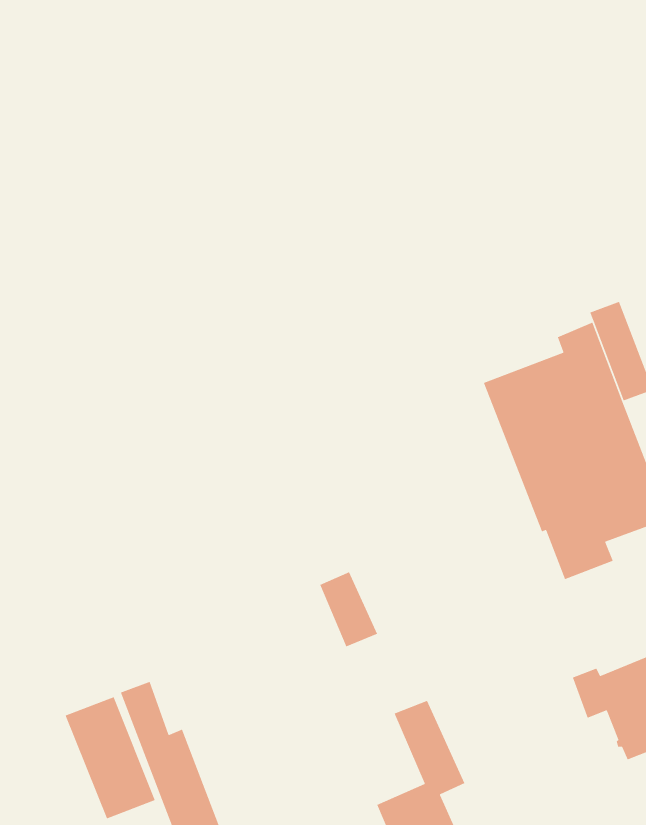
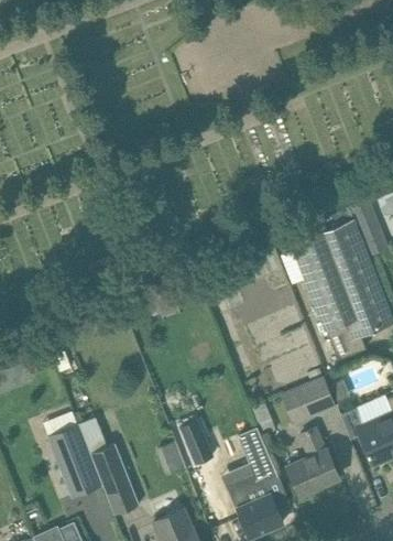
building: [319,571,378,647] -> [178,421,212,465]
building: none -> [282,376,335,423]
building: none -> [287,429,338,496]

